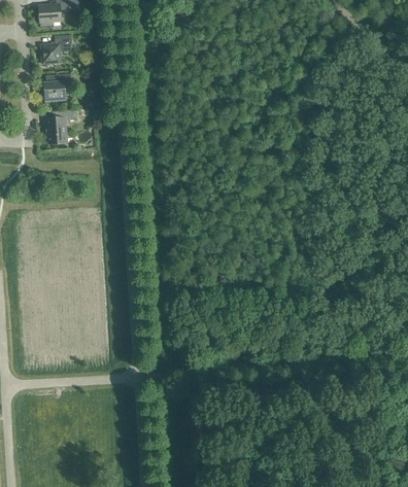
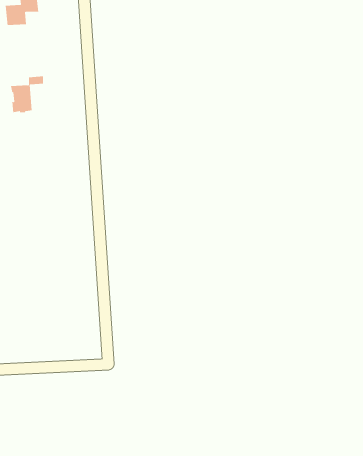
building: [43,73,71,101] -> none

